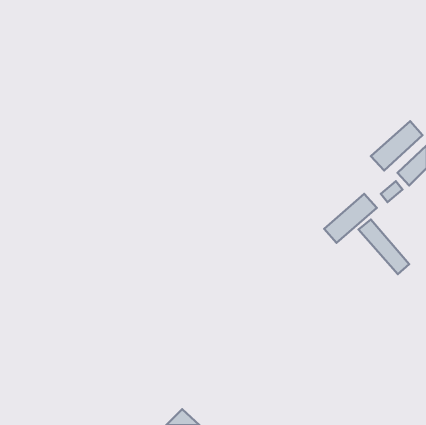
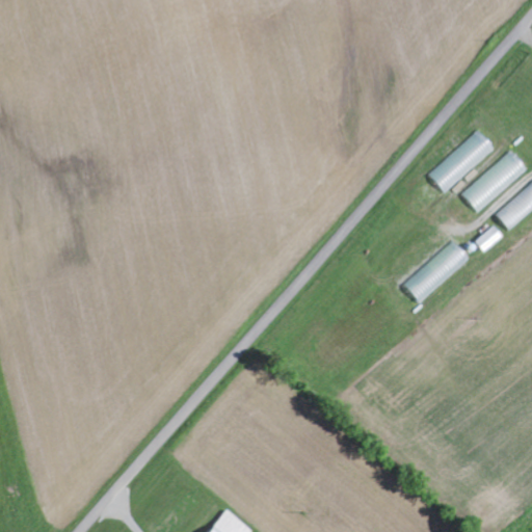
building: none -> [429,130,495,193]
building: [358,219,409,274] -> none

